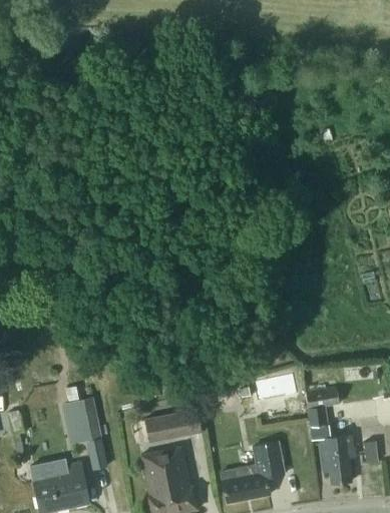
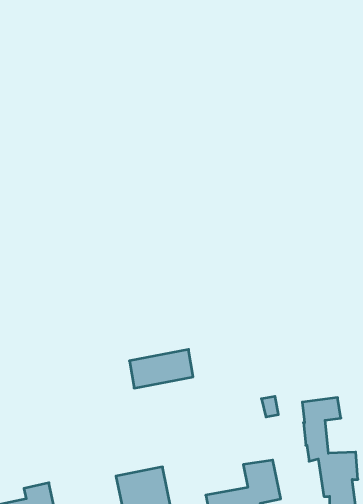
building: [73,397,98,427] -> none
building: [144,408,201,442] -> [129,349,193,388]
building: [85,438,108,469] -> none

